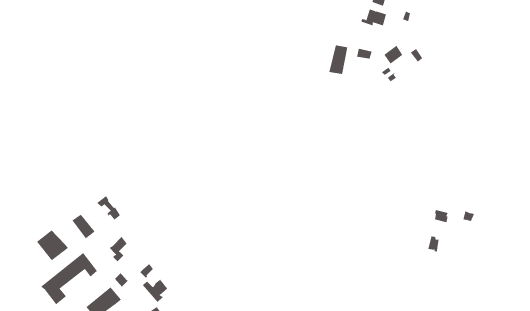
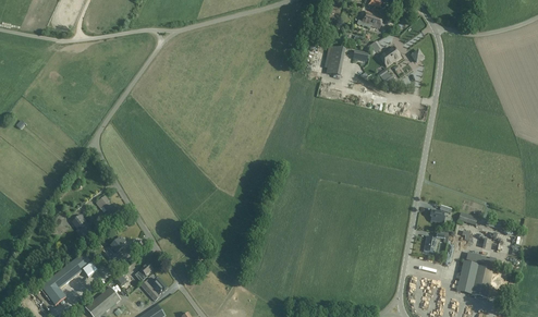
building: [36,229,69,261] -> none
building: none -> [456,260,493,297]

